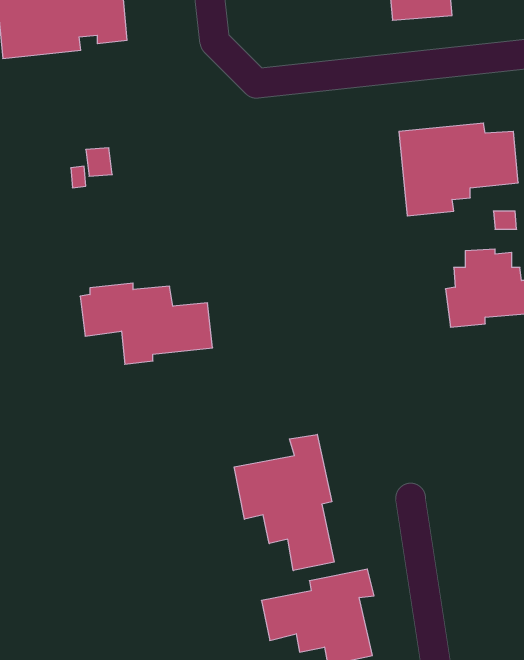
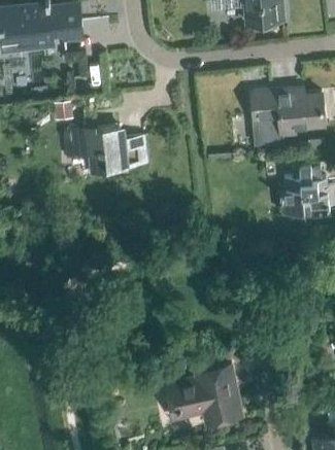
building: [80,283,213,364] -> [64,126,146,176]
building: [234,434,334,571] -> none

